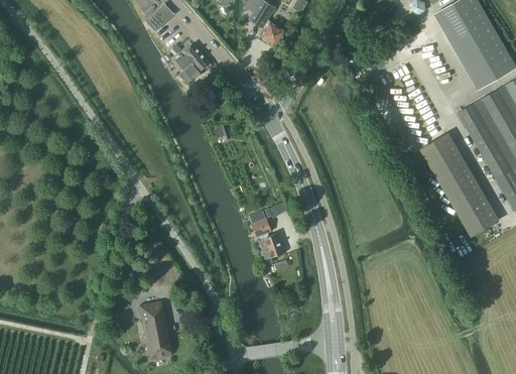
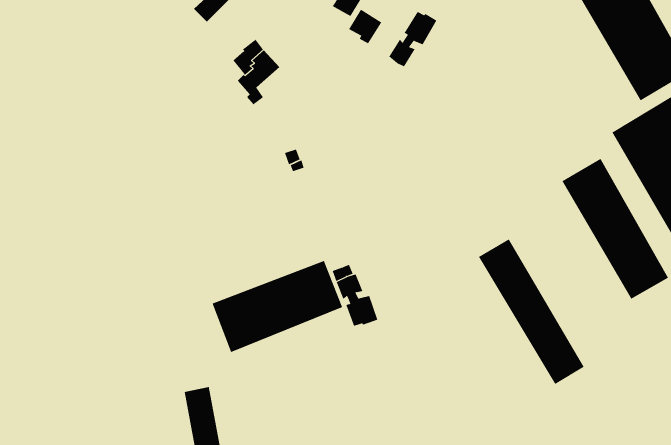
building: none -> [388,11,437,67]
building: none -> [478,239,584,385]
building: none -> [212,260,343,353]

